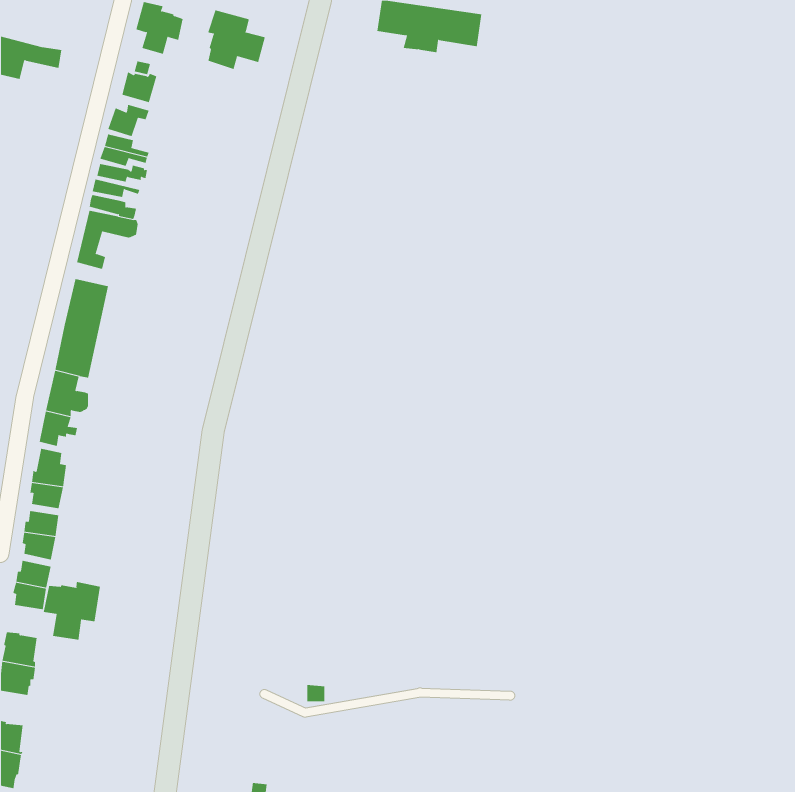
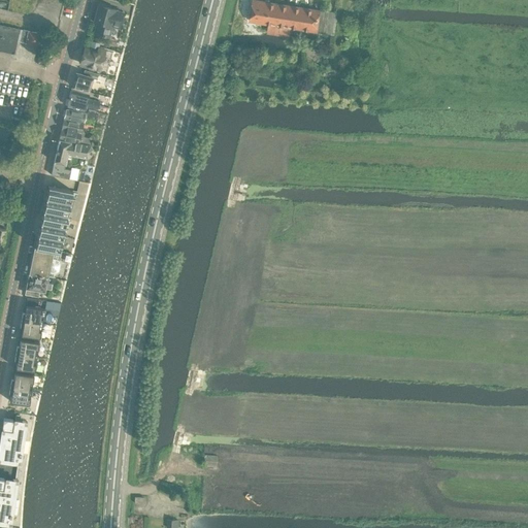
building: [207,9,265,70] -> none
building: [43,581,100,640] -> none

